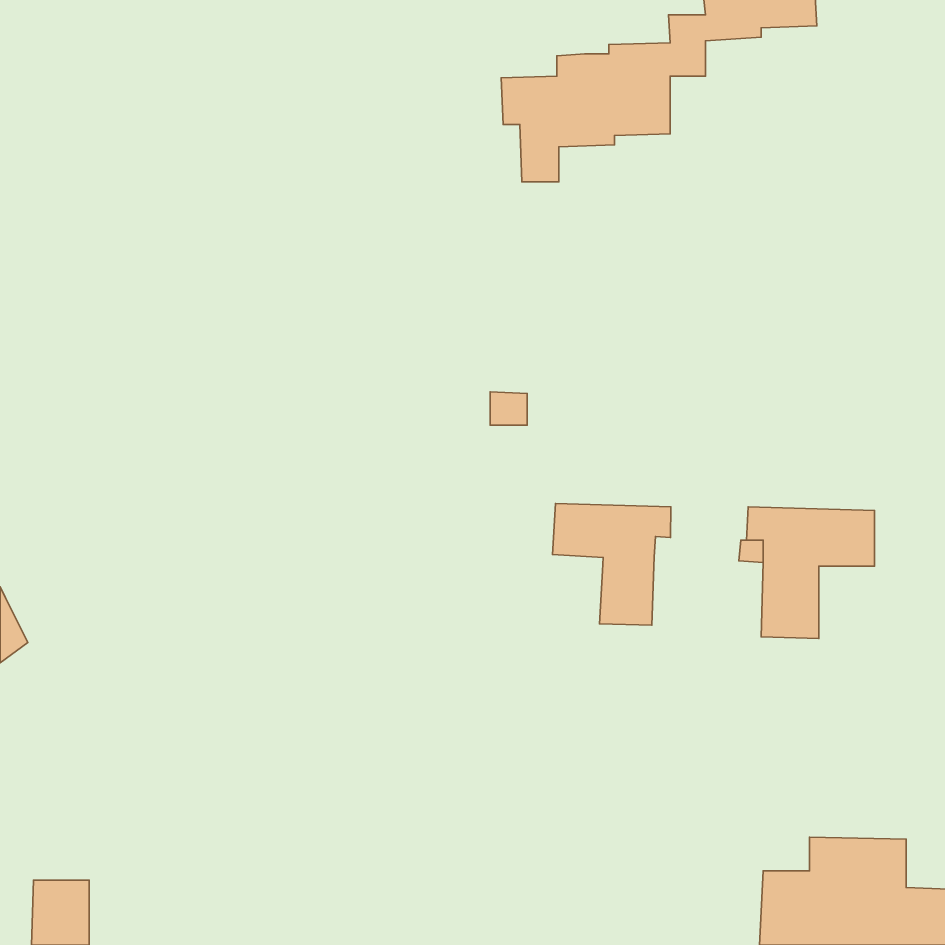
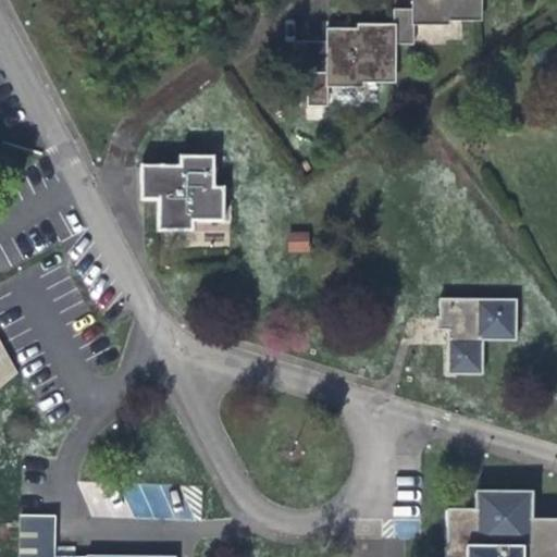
building: none -> [143,158,224,231]
building: [553,503,671,625] -> none

